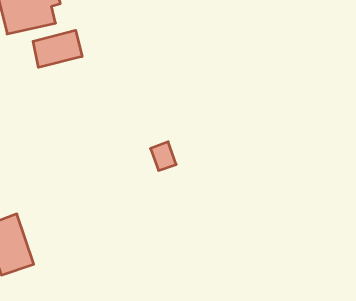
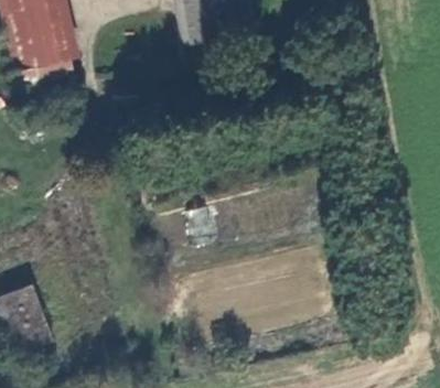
building: [33,30,82,67] -> none

